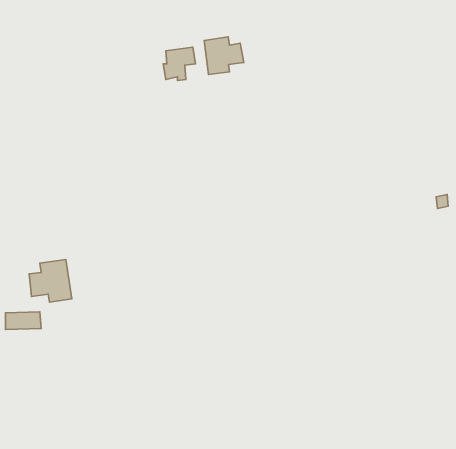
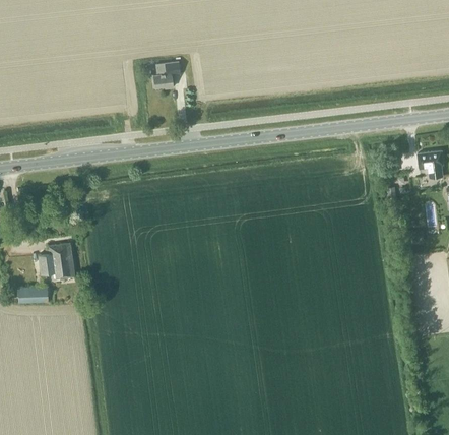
building: [204,37,244,74] -> none

